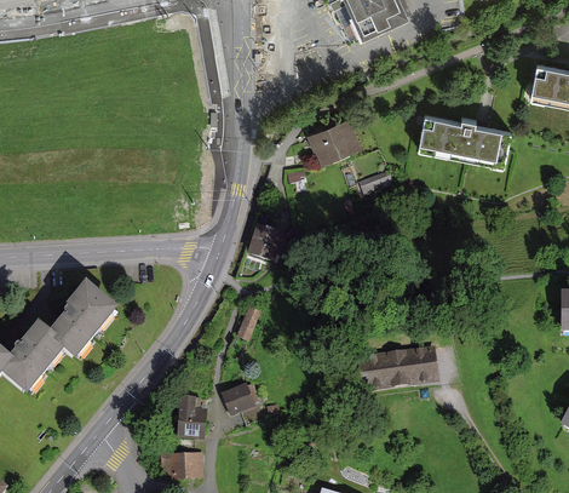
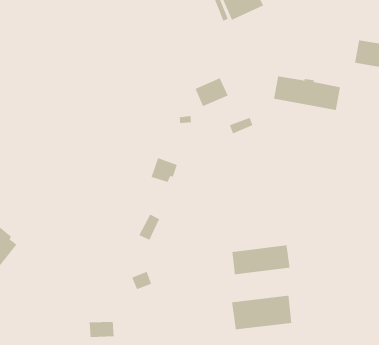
building: [53,280,120,356] -> none
building: [178,396,203,435] -> none
building: none -> [231,295,292,330]

